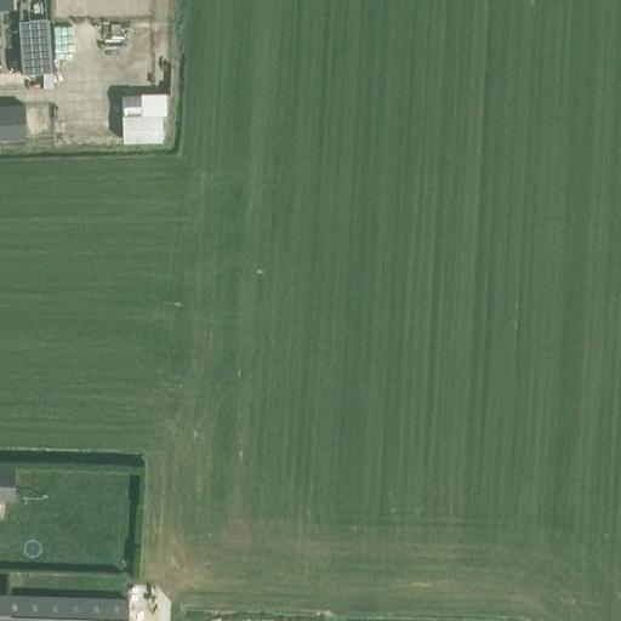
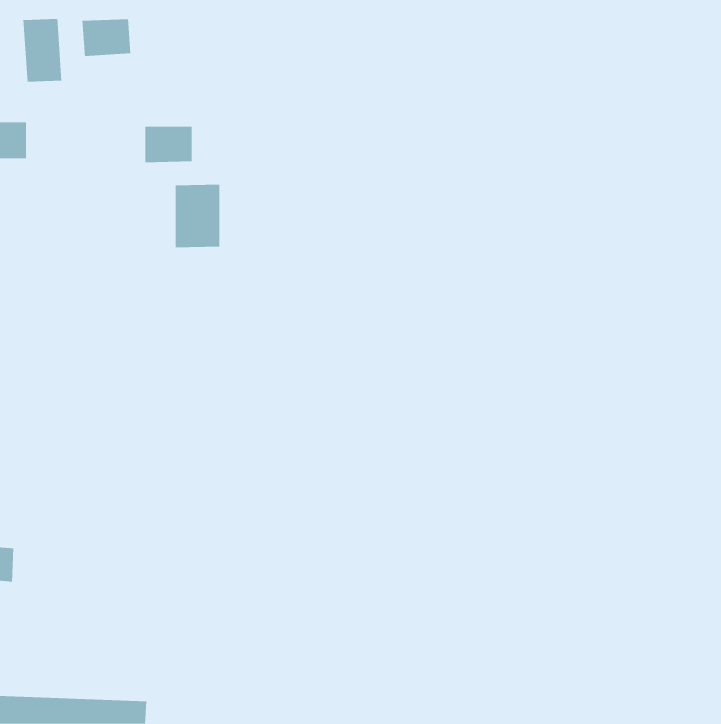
building: none -> [82,18,131,57]
building: none -> [175,184,220,248]

